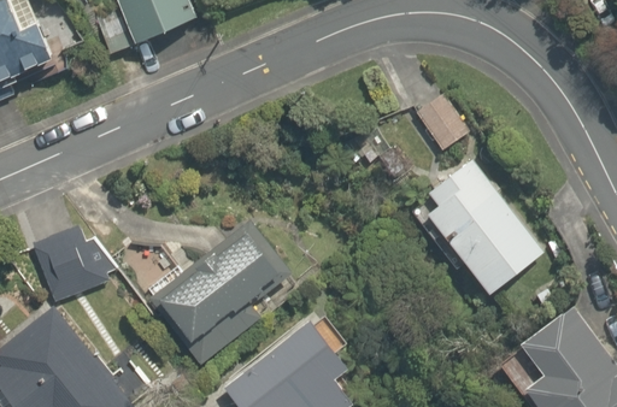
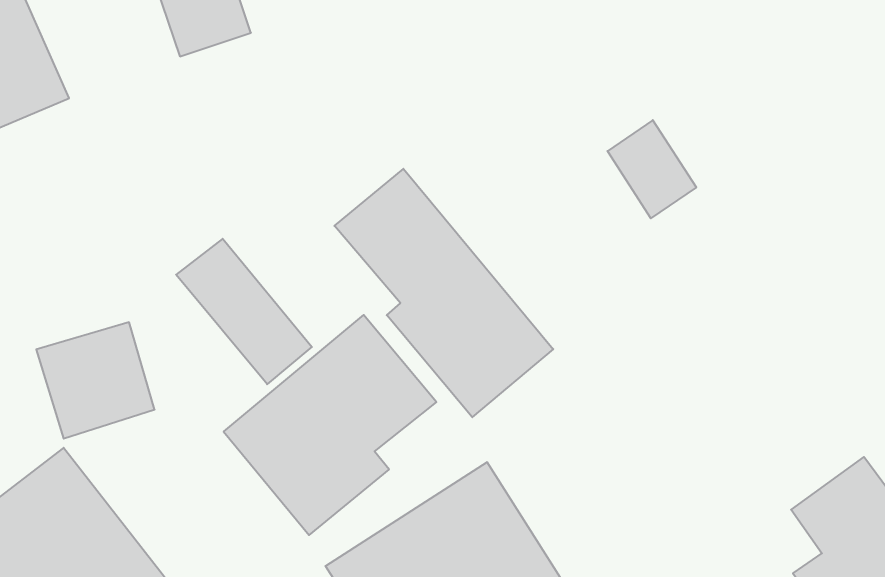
building: none -> [334,169,553,417]
building: [425,149,547,297] -> none
building: none -> [176,239,312,384]

